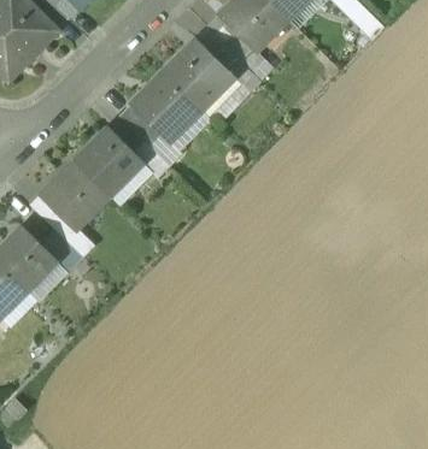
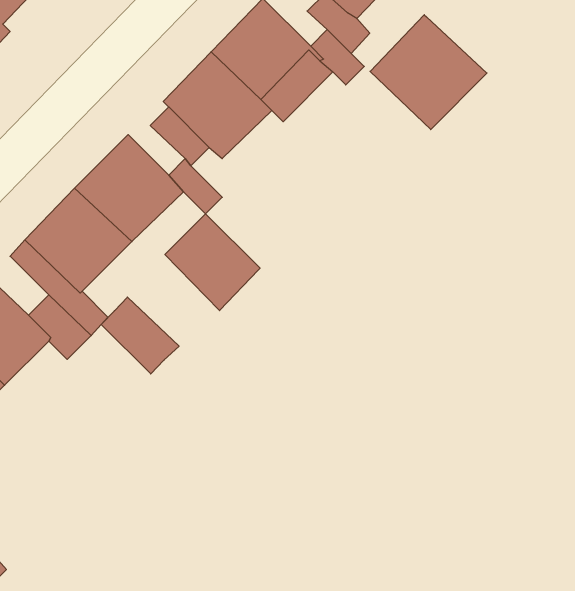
building: none -> [370,15,487,130]
building: none -> [165,214,260,311]
building: none -> [101,297,179,374]

